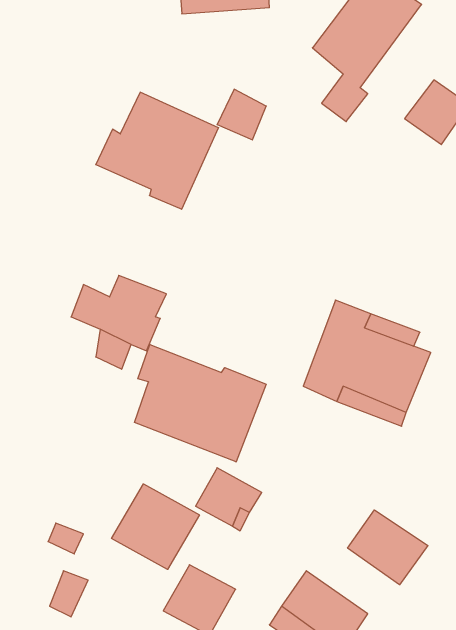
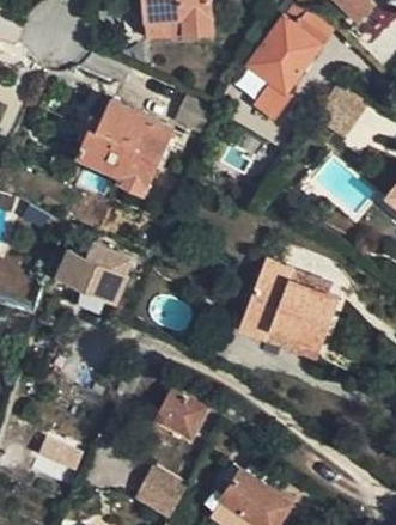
building: [134,344,266,462] -> none
building: [112,484,199,569] -> none
building: [348,510,428,585] -> none

